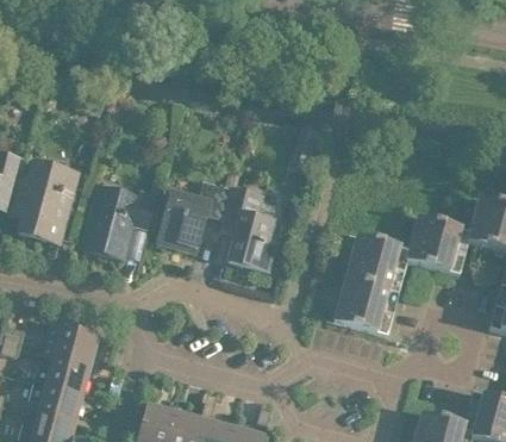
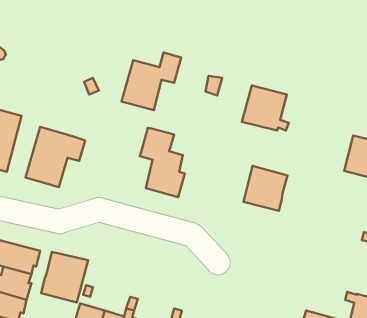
building: [157,182,230,253] -> [122,53,181,110]
building: [407,217,464,272] -> [242,86,289,131]
building: [335,279,392,334] -> none
building: none -> [41,252,88,302]

